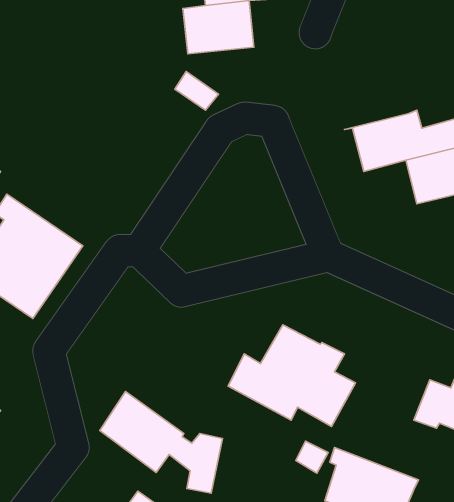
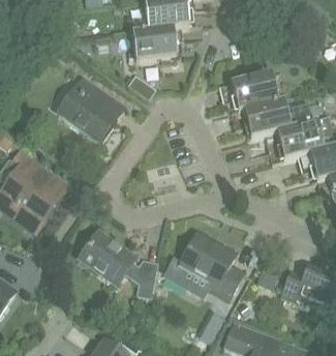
building: none -> [228,70,277,110]
building: none -> [58,78,122,141]
building: [100,392,222,493] -> [80,232,158,297]

